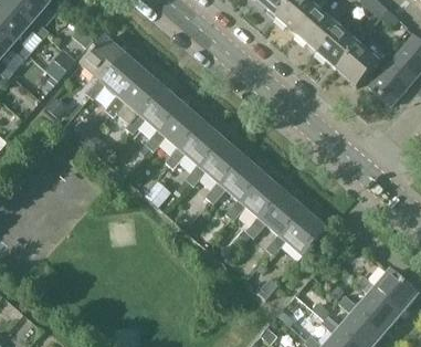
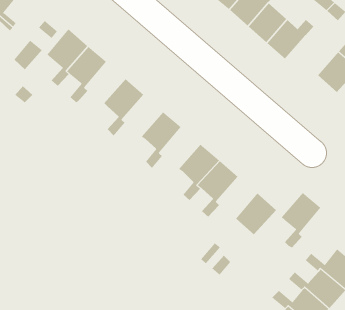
building: [335,43,377,85] -> none
building: [116,71,165,133] -> none
building: [161,106,204,167] -> none
building: [201,140,244,201] -> none
building: [262,193,305,253] -> [281,192,321,248]

